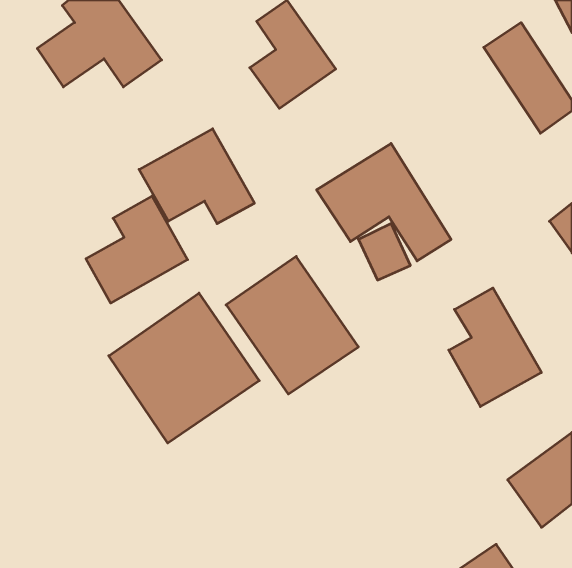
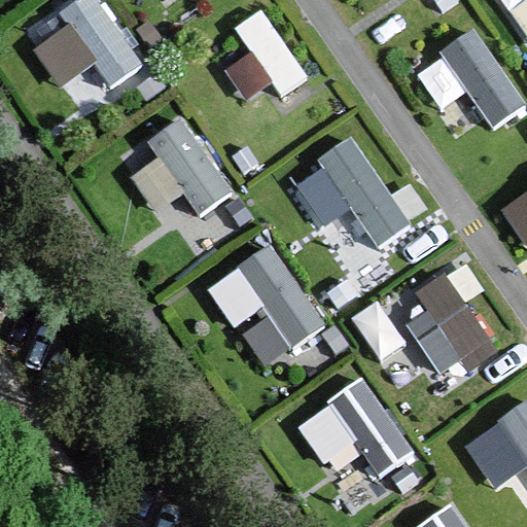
building: [86,196,188,303] -> none
building: [109,293,259,443] -> none
building: none -> [294,378,415,479]

